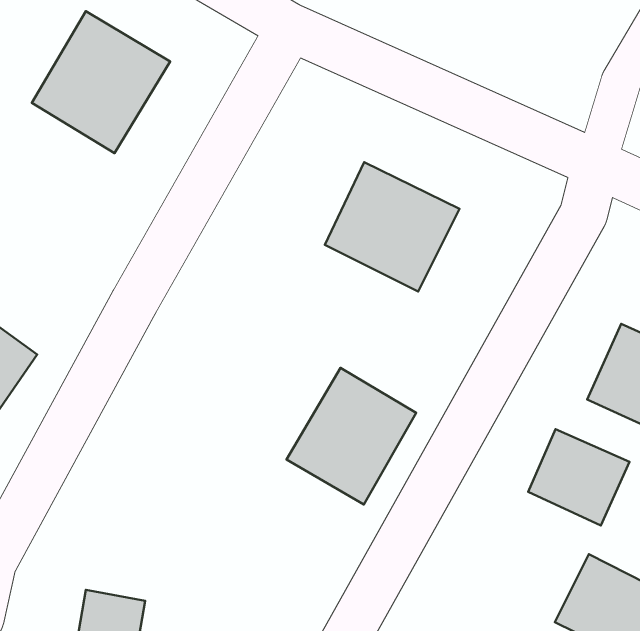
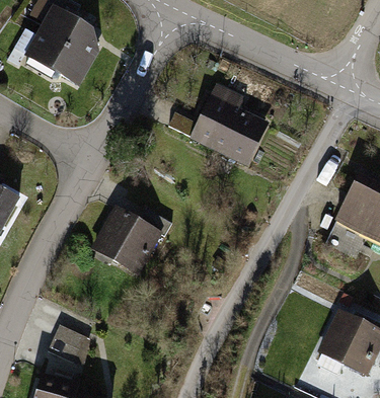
building: [287,368,416,505] -> [100,195,173,272]
building: [528,429,629,526] -> none

